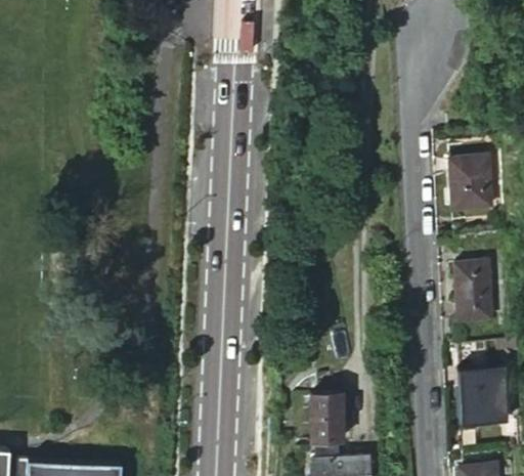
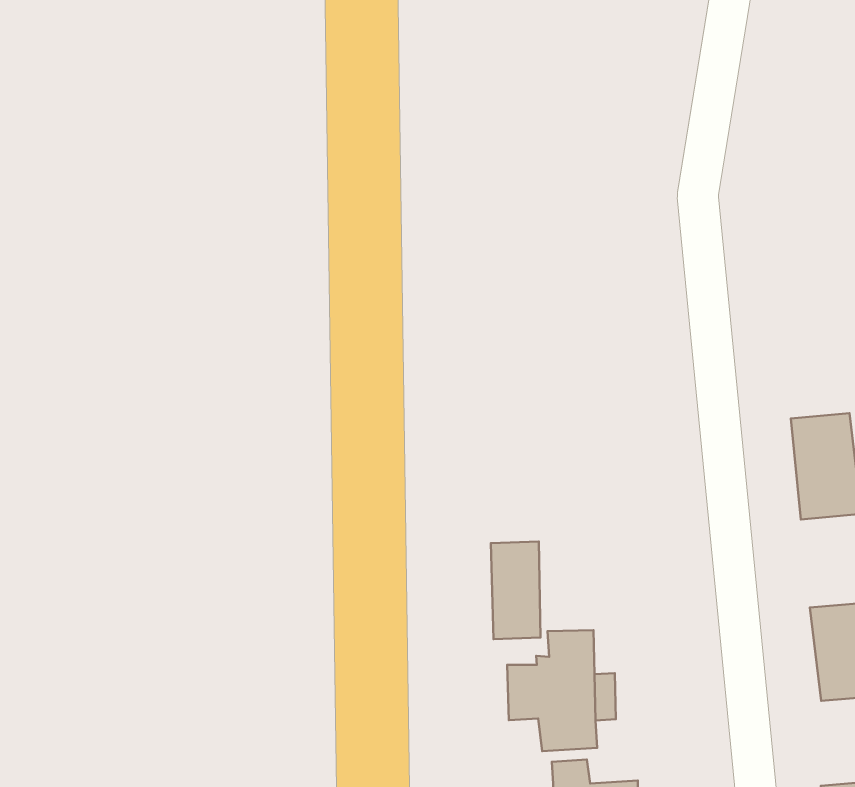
building: [450,158,491,210] -> none
building: none -> [491,541,540,639]

